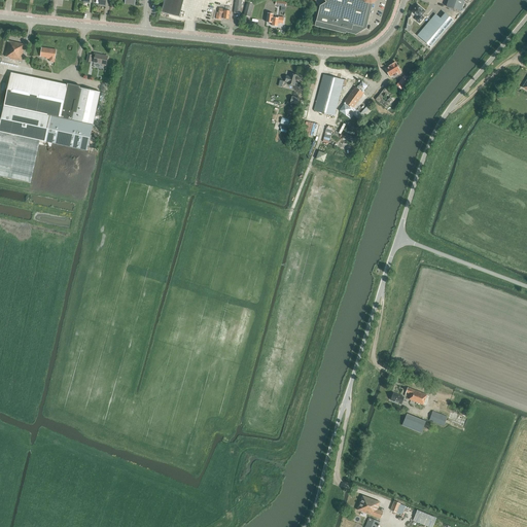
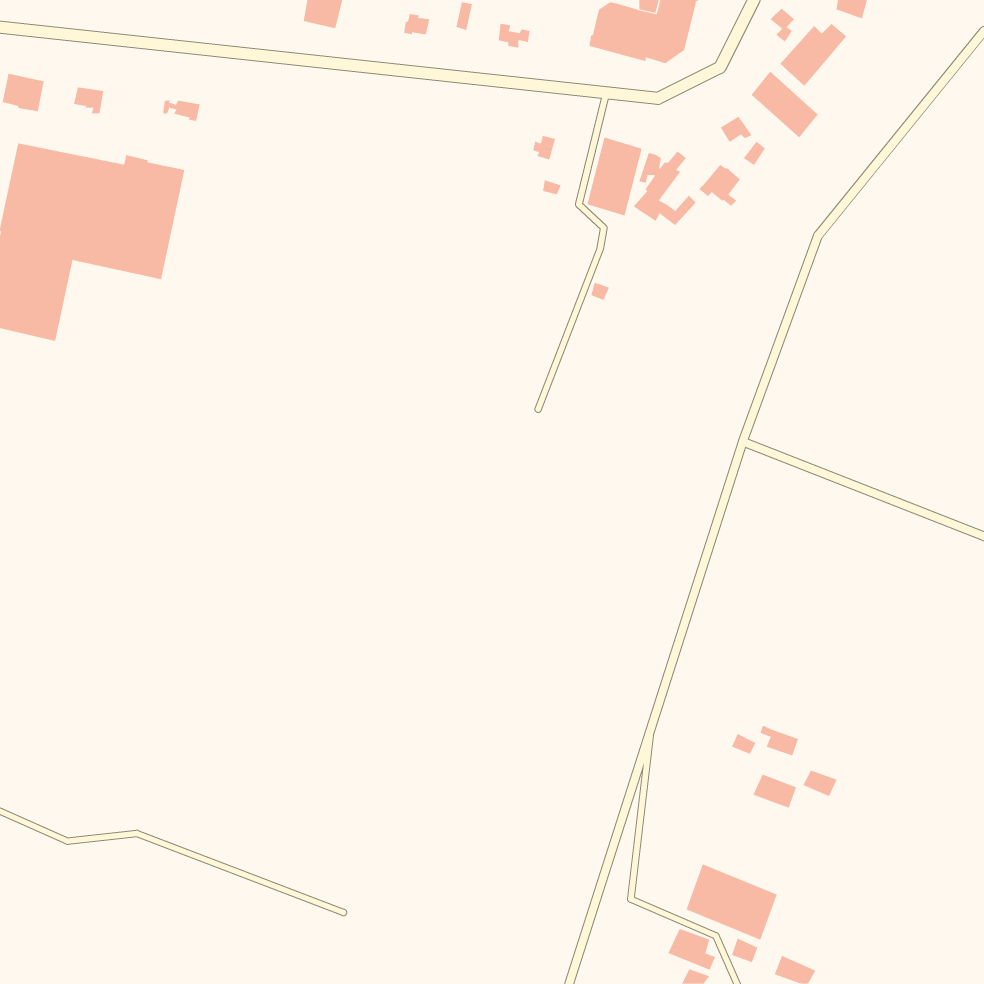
building: none -> [751,71,819,138]
building: none -> [686,864,777,940]

